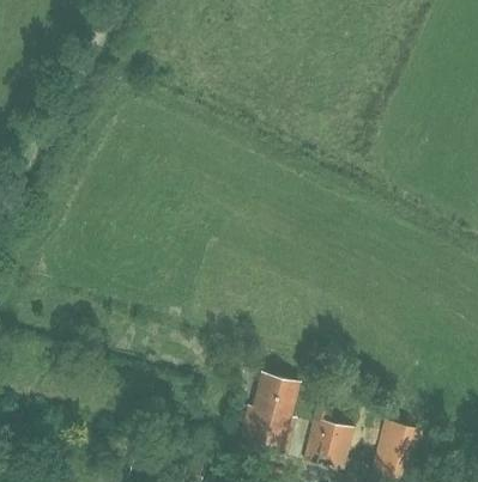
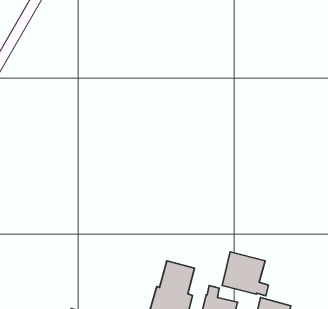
building: none -> [222,252,268,296]

